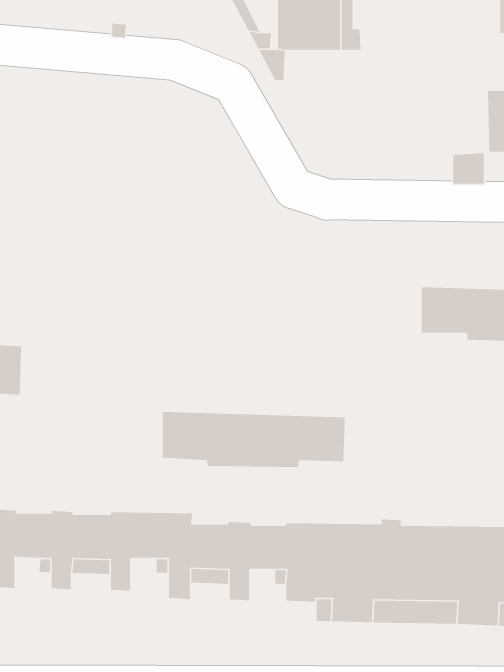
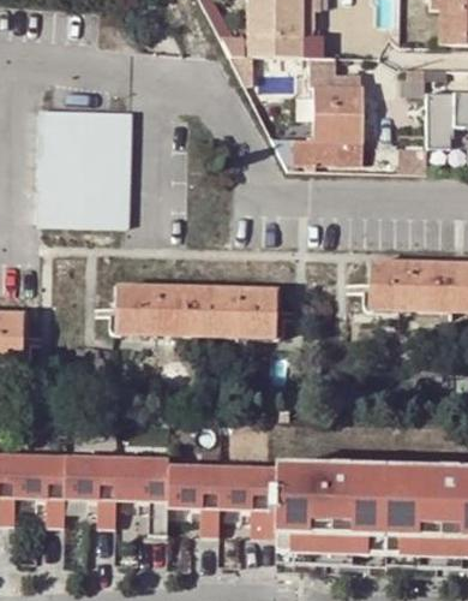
building: none -> [272,65,360,162]
building: none -> [37,108,128,225]
building: [162,411,345,468] -> [118,285,277,334]

